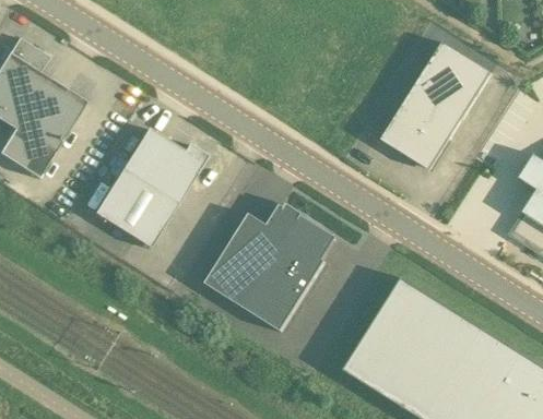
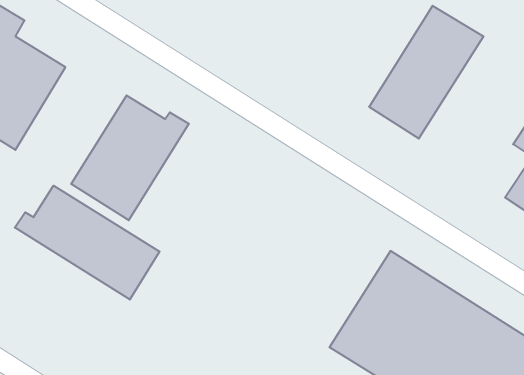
building: [204,204,335,331] -> none
building: none -> [15,186,160,300]

